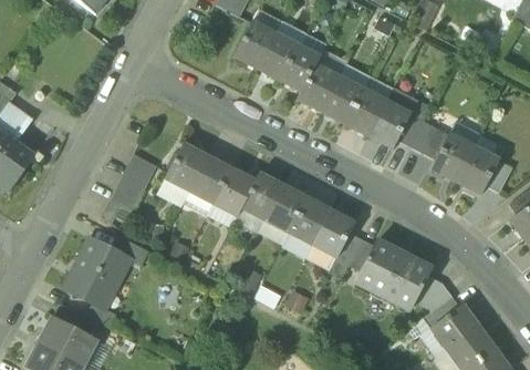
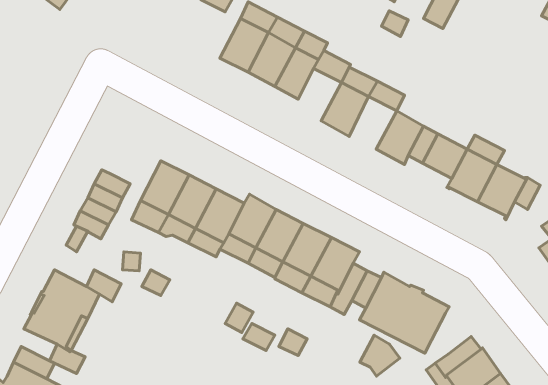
building: [299,63,340,109] -> none
building: [346,88,387,133] -> none
building: [417,275,451,310] -> [360,335,400,376]

